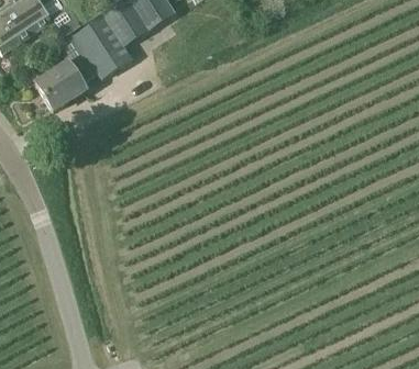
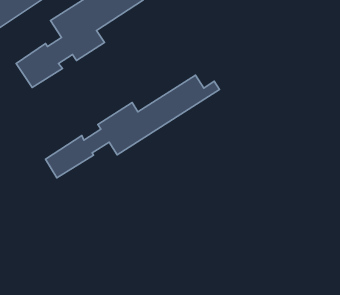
building: none -> [46,75,220,178]

